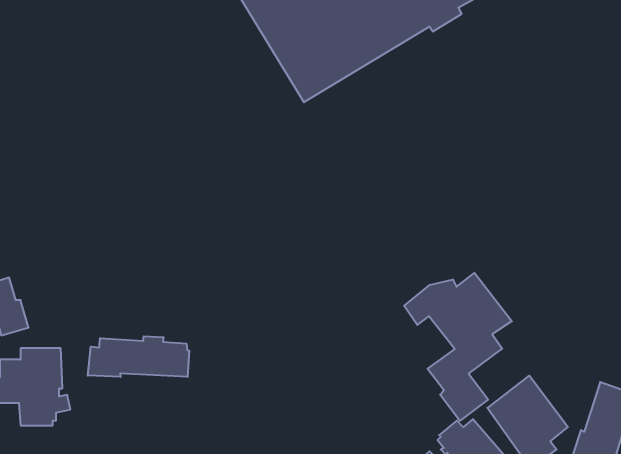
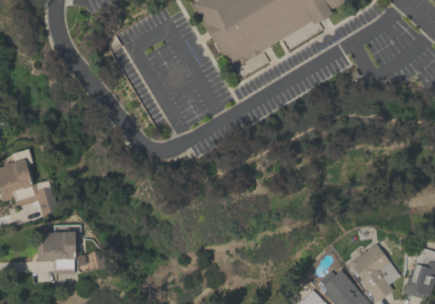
building: [404,273,512,421] -> none
building: [88,336,189,377] -> none

